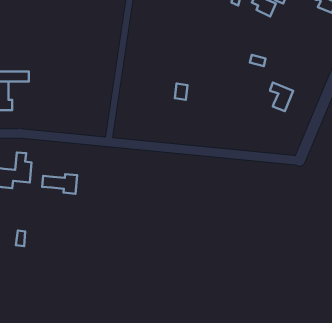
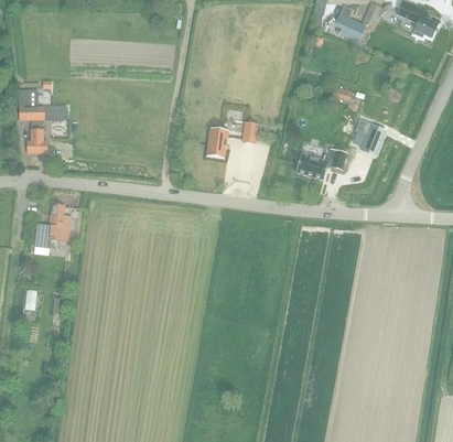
building: none -> [207,128,228,157]
building: none -> [295,150,345,180]
building: [42,174,77,194] -> none

